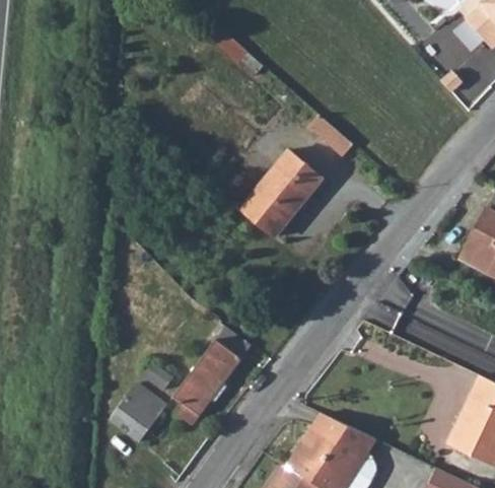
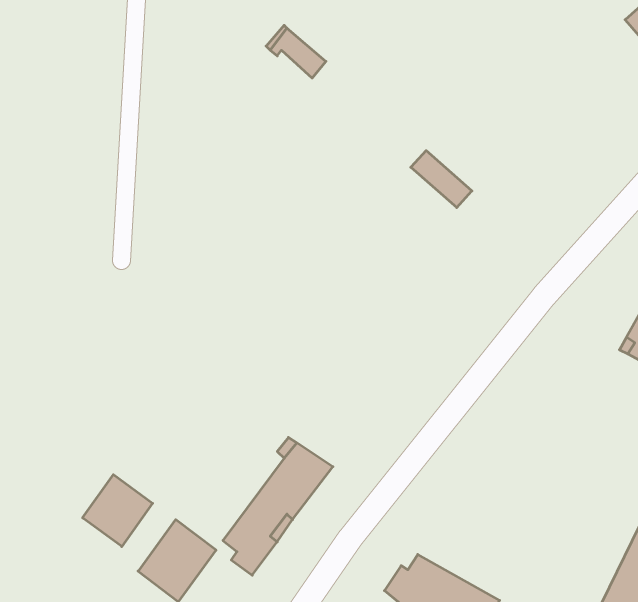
building: [240,150,323,237] -> none
building: none -> [83,475,153,547]

